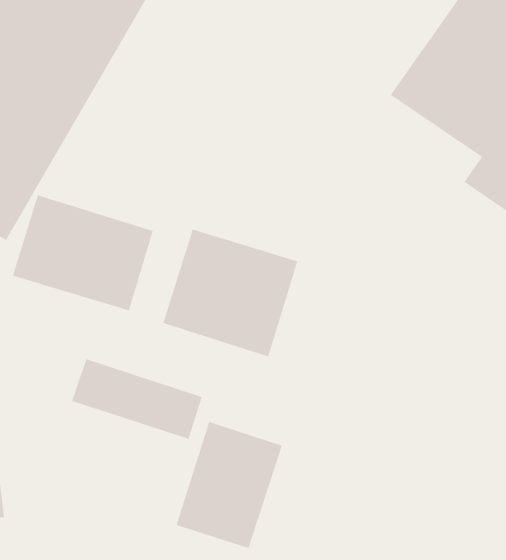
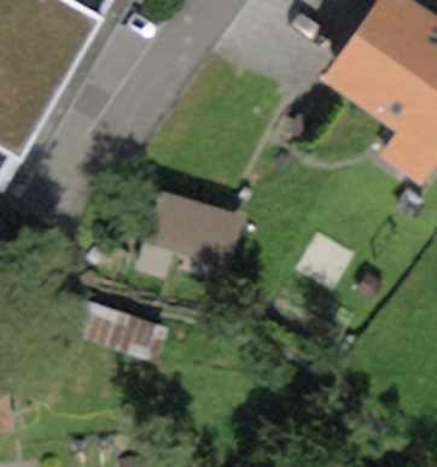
building: [12,195,153,311] -> none
building: [176,421,283,549] -> none

